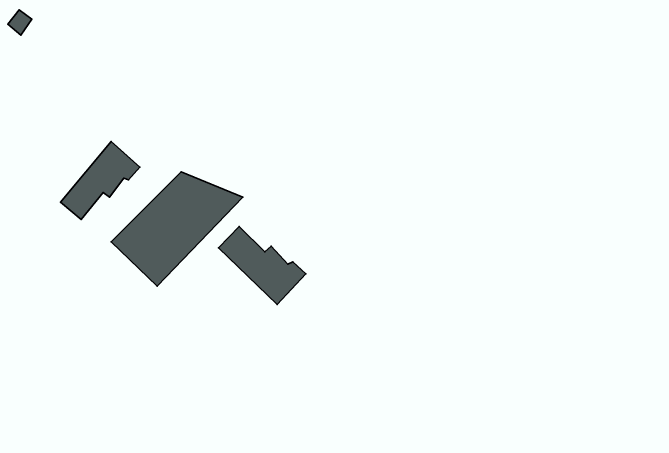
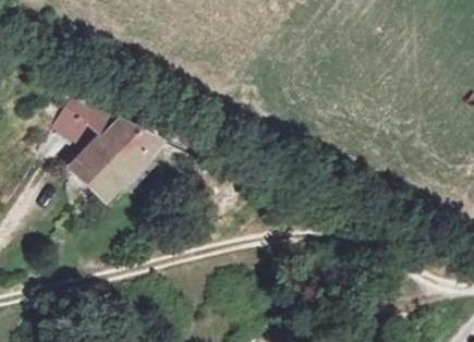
building: [219,226,306,305] -> none

